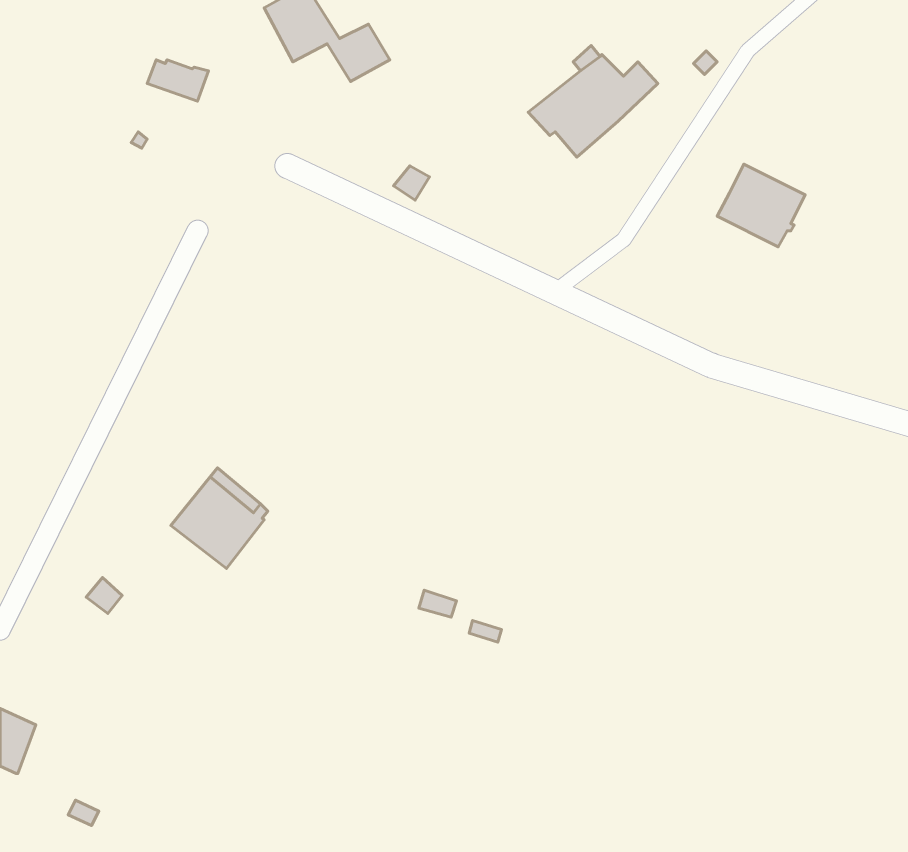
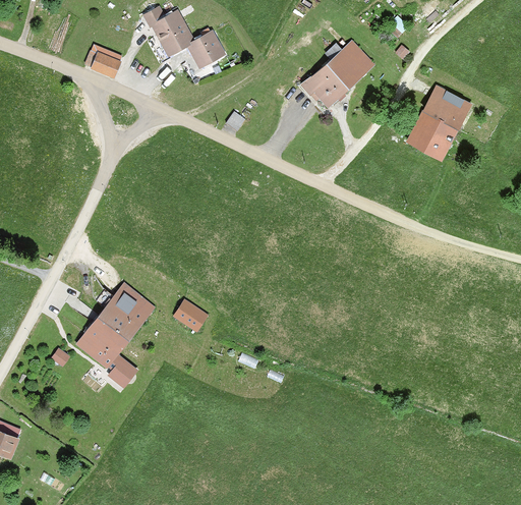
building: none -> [422,89,468,129]
building: none -> [172,302,204,330]
building: none -> [77,317,136,386]

